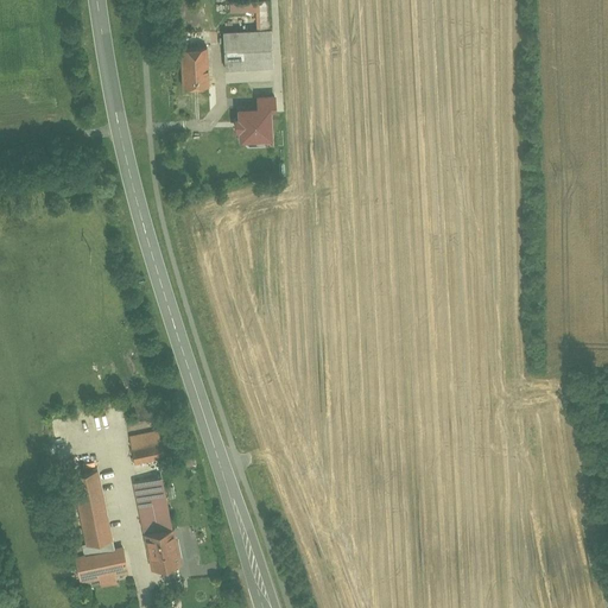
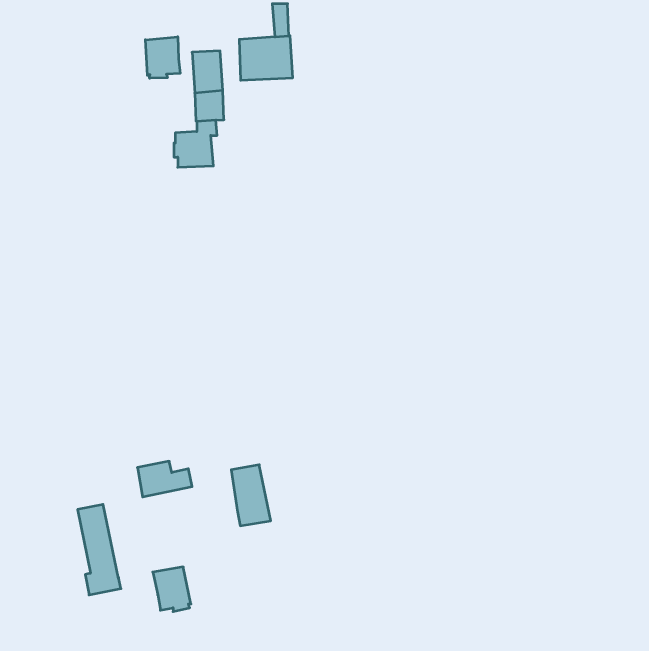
building: none -> [145,37,180,78]
building: [235,96,276,140] -> [174,120,217,167]
building: [134,476,171,533] -> [231,465,271,526]
building: [63,547,126,583] -> none

